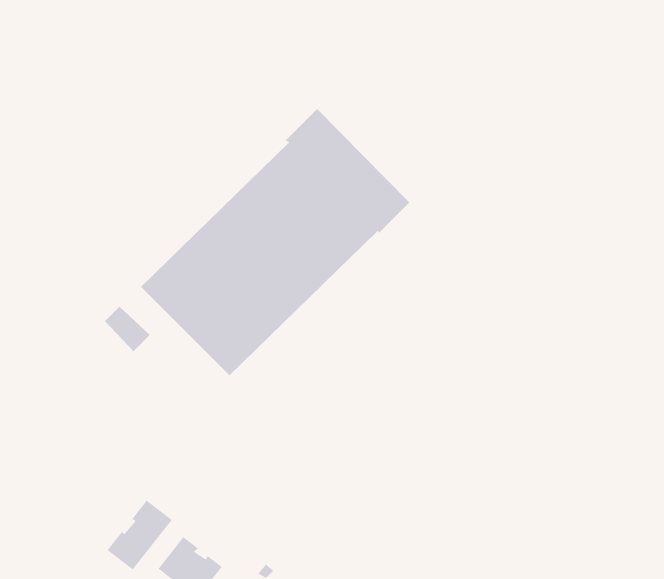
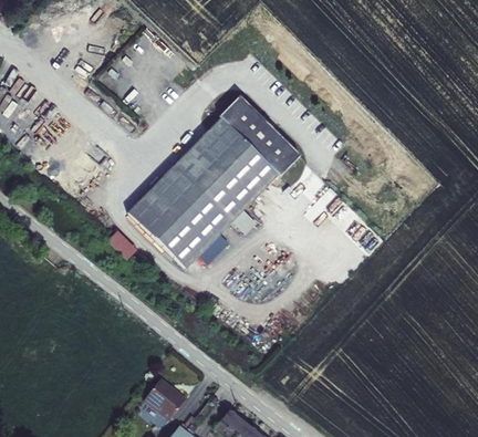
building: [107,499,173,571] -> none

